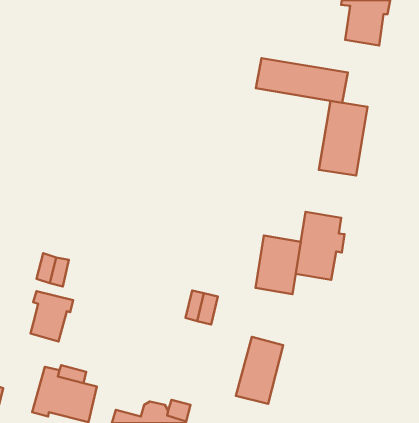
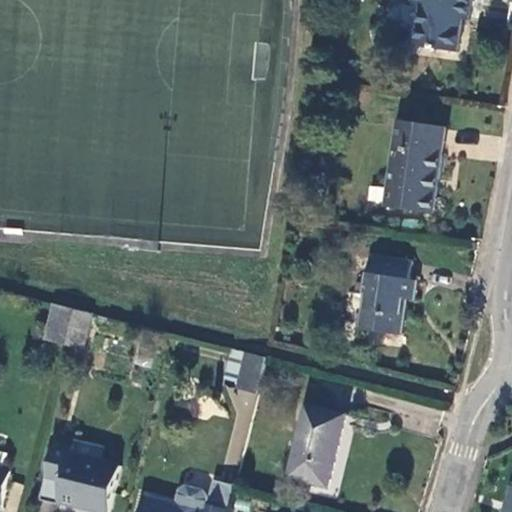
building: [256,58,348,103] -> none
building: [256,235,301,294] -> none
building: [30,291,73,342] -> none

